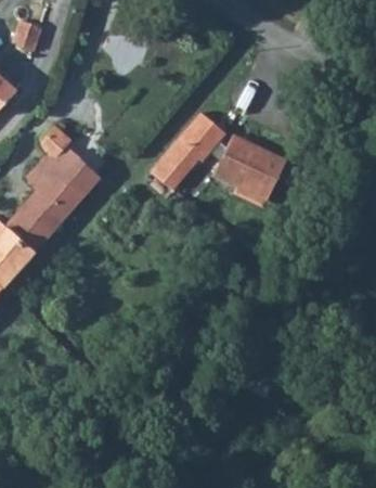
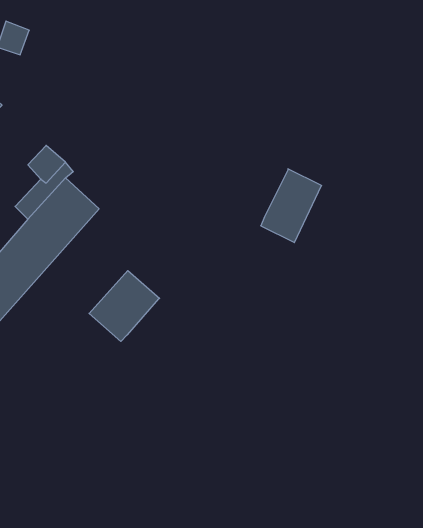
building: [151,112,257,189] -> none
building: none -> [89,271,160,341]

